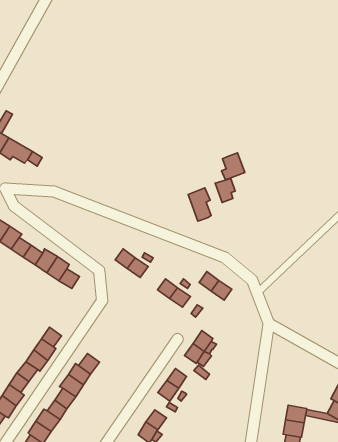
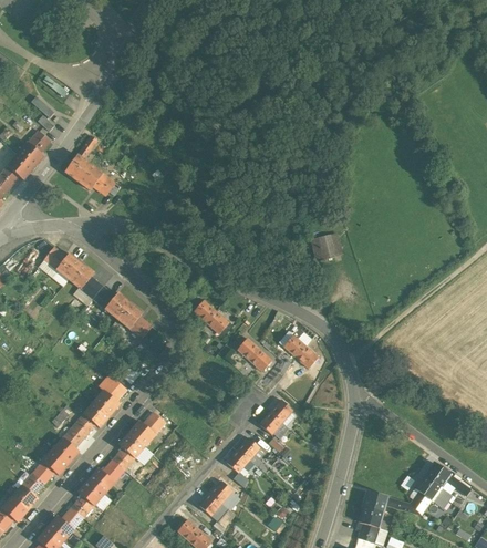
building: [222,153,245,180] -> none
building: [188,188,211,221] -> none

